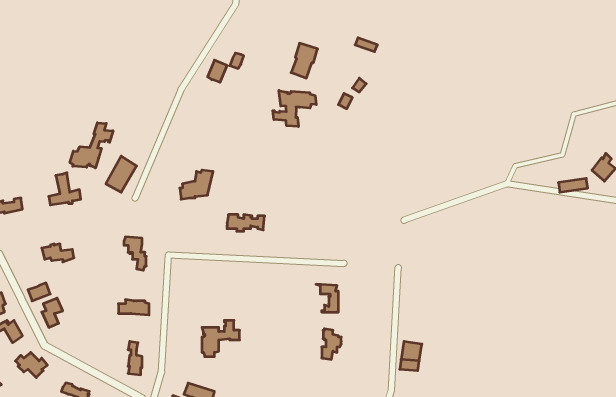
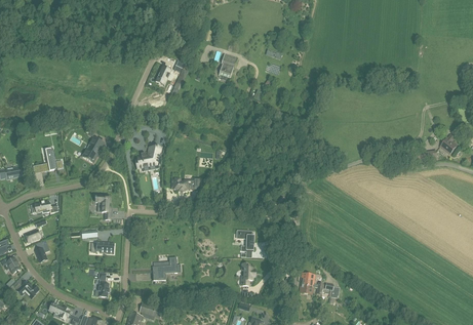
building: [273,90,316,127] -> none
building: [70,123,113,168] -> none

